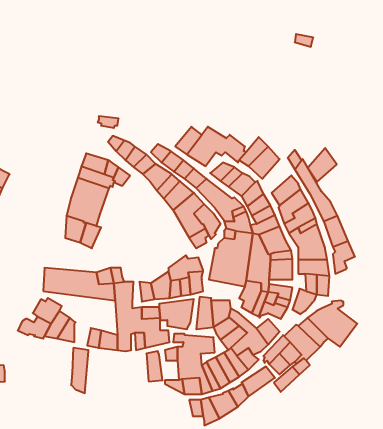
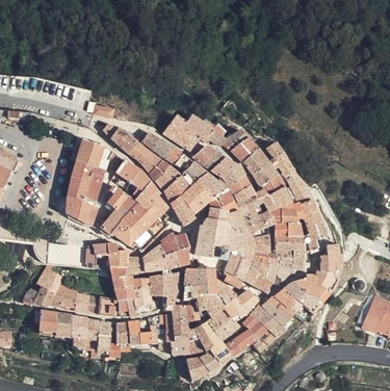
building: [308,148,337,182] -> [242,145,268,175]
building: none -> [95,161,170,251]
building: none -> [310,241,338,292]
building: none -> [38,309,73,337]
building: none -> [83,317,121,358]
building: none -> [116,319,140,344]

